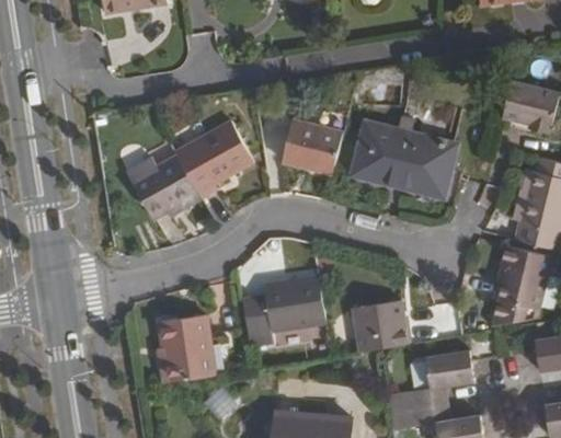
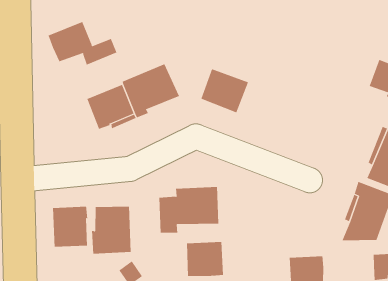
building: none -> [48,21,117,66]
building: [351,117,455,195] -> none
building: [352,300,407,351] -> [186,242,224,277]
building: none -> [53,206,88,247]

